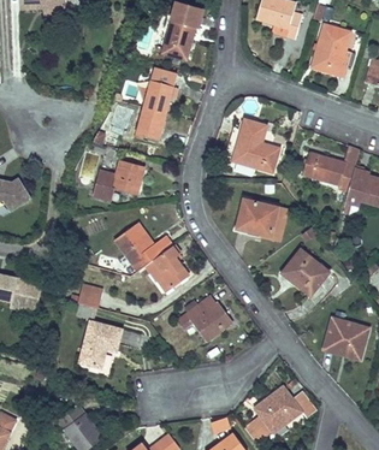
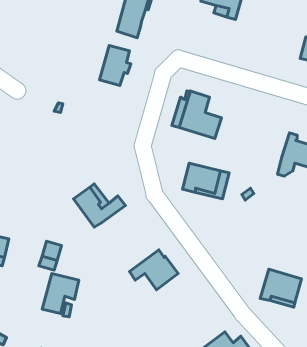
building: [310,24,355,76] -> none
building: [135,107,166,141] -> none
building: [302,149,360,193] -> none
building: [91,160,143,200] -> none
building: [146,244,188,292] -> none
building: [284,249,328,296] -> none

